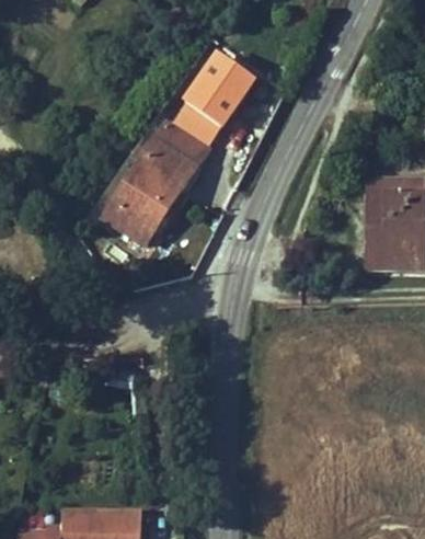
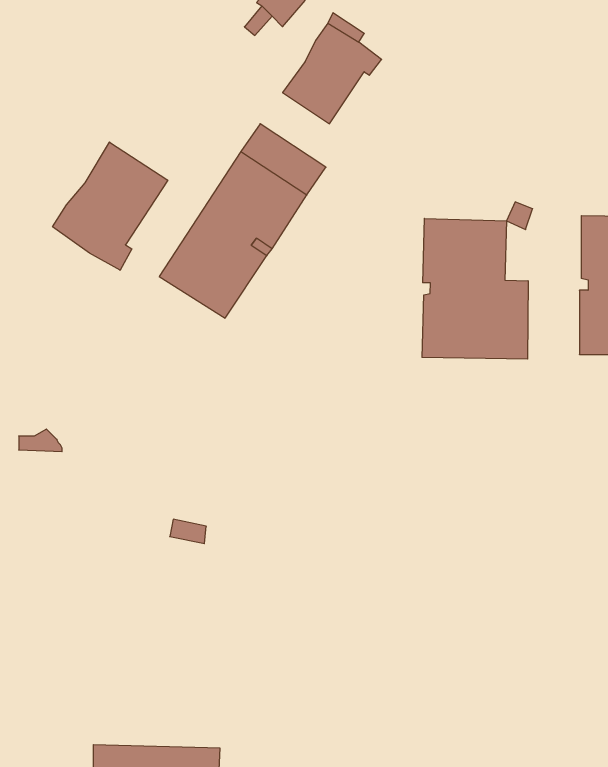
building: none -> [53,142,168,270]
building: none -> [422,218,528,359]

